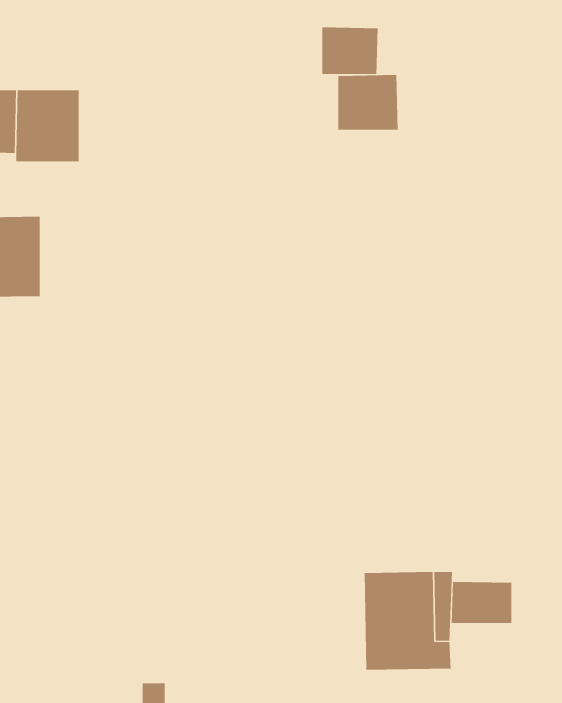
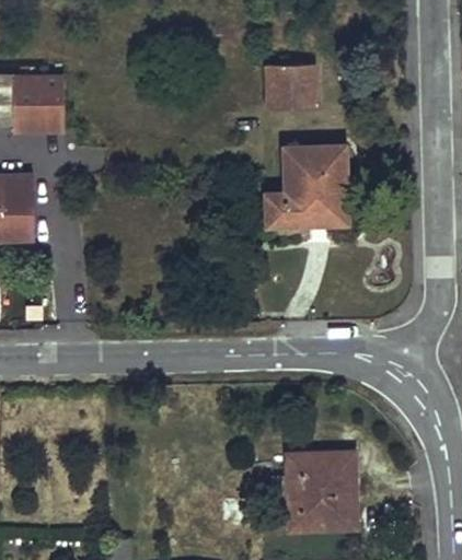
building: [322,27,378,75] -> none
building: none -> [267,148,347,226]
building: [451,581,512,624] -> none

